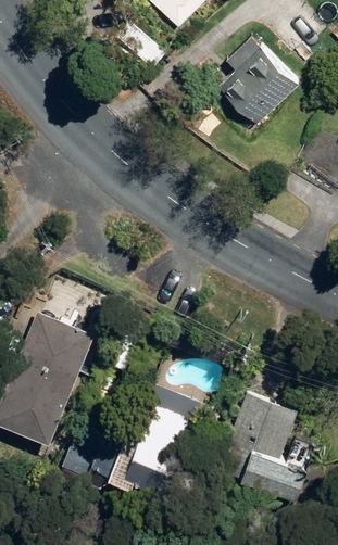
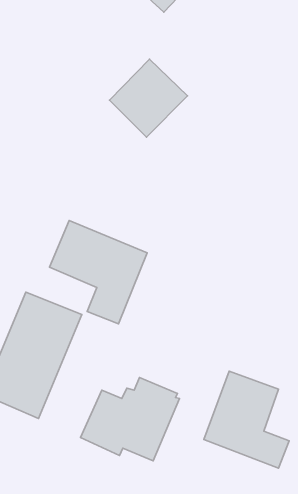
building: [218,45,299,125] -> [110,59,188,137]
building: none -> [50,221,147,324]

